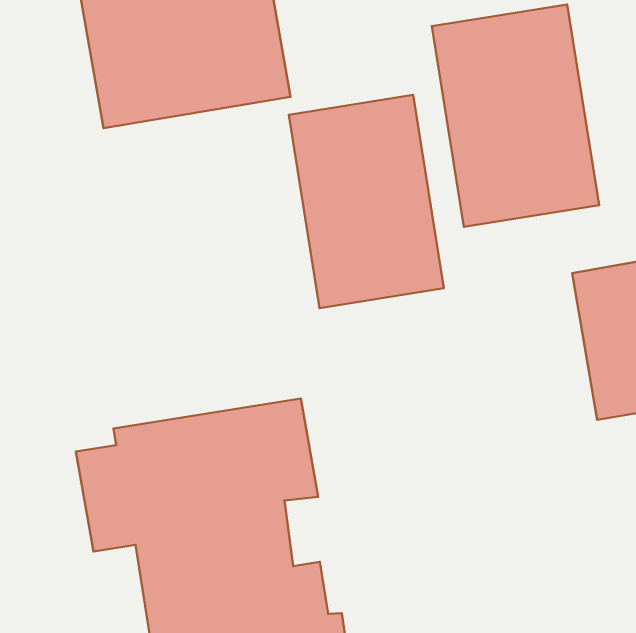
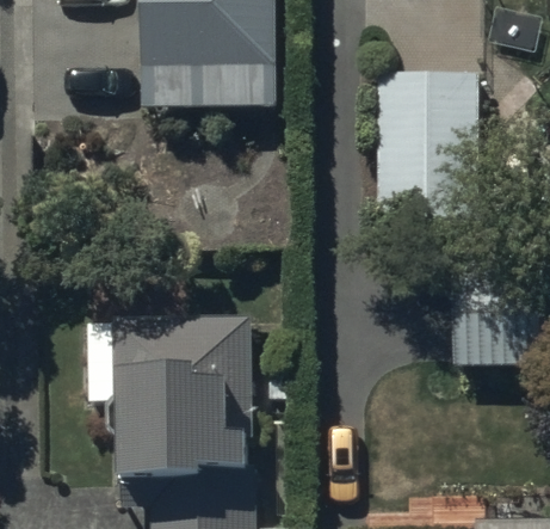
building: [289,95,444,308] -> none

